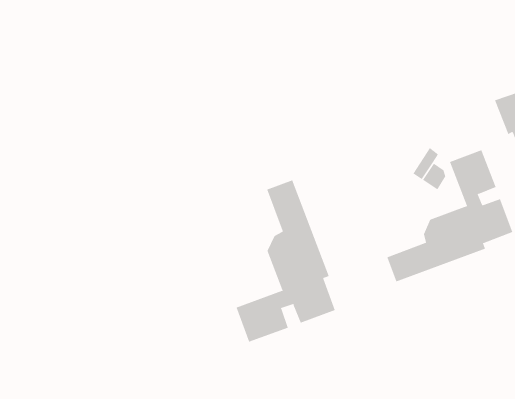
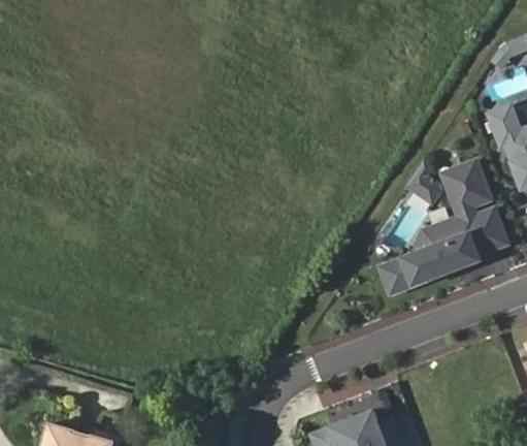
building: [236,179,335,343] -> none

